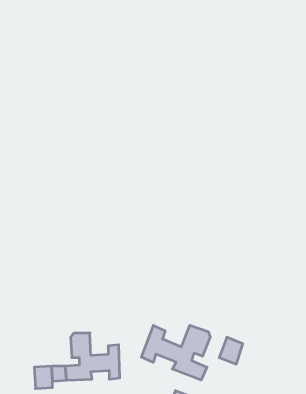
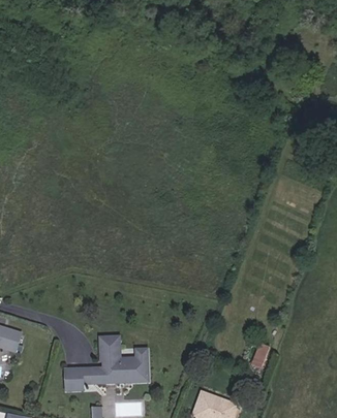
building: [141,325,210,380] -> none

